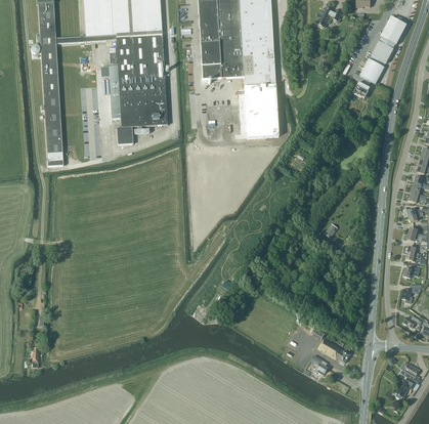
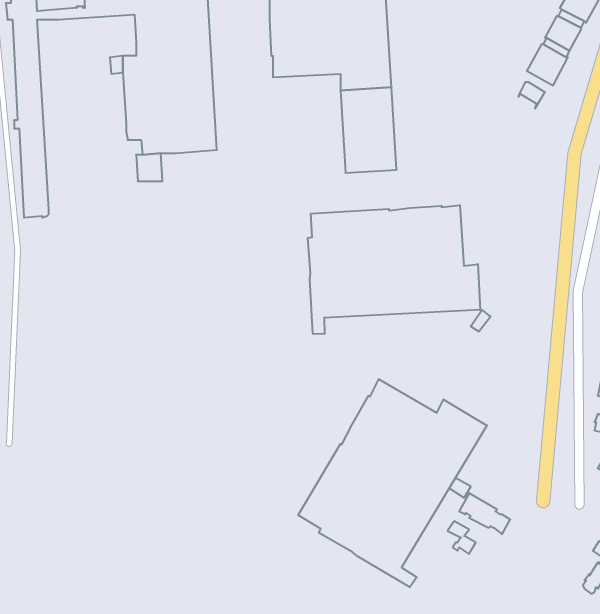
building: none -> [308,205,480,334]
building: none -> [298,379,487,587]

